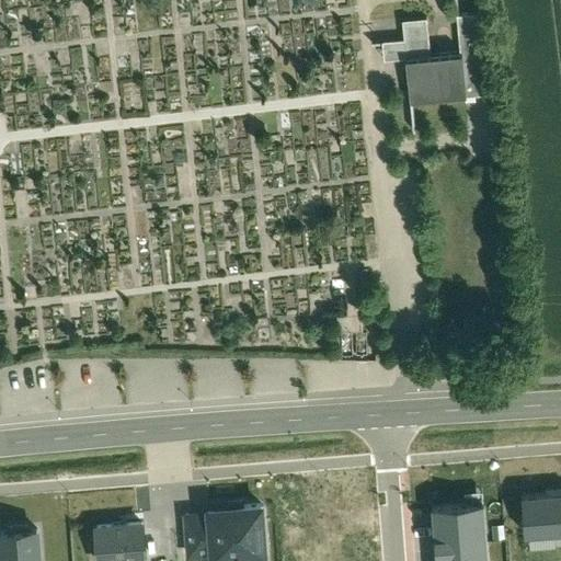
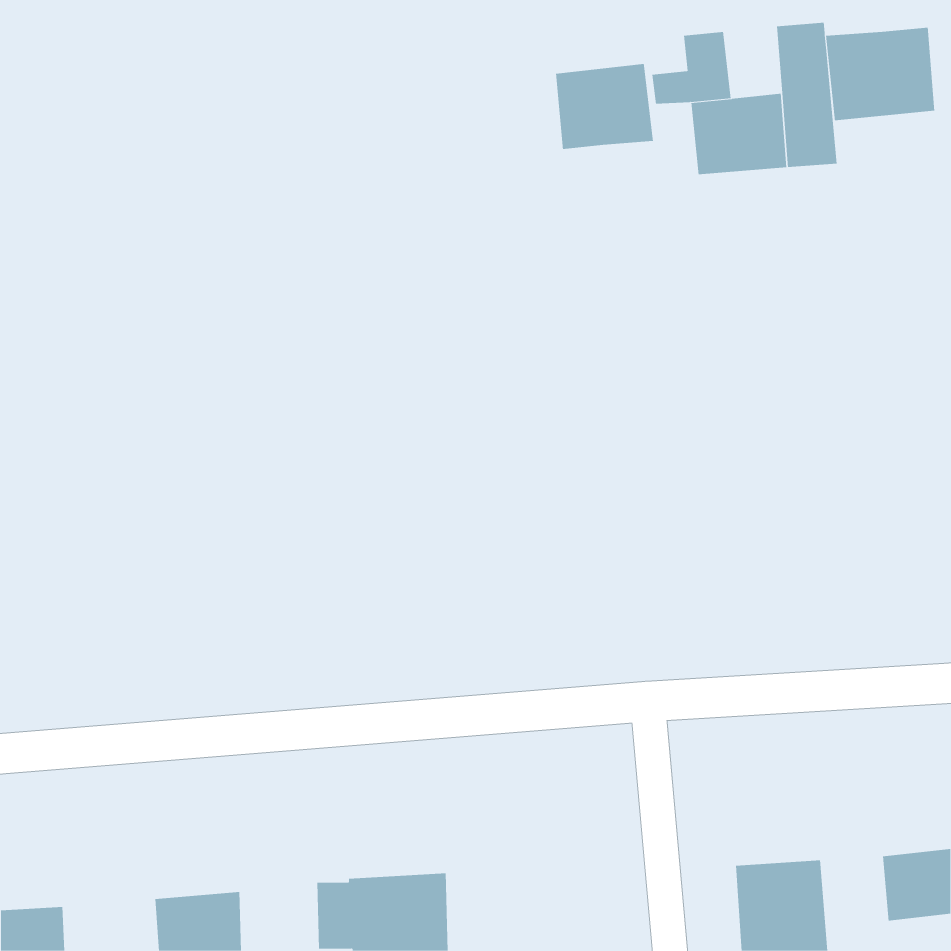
building: none -> [826,27,935,121]
building: none -> [556,63,653,150]

